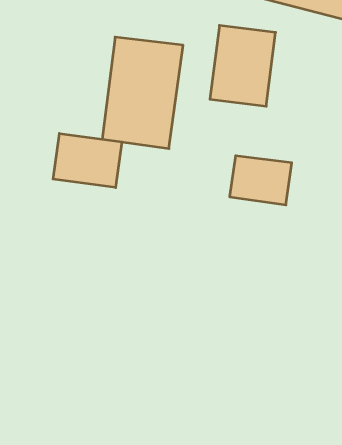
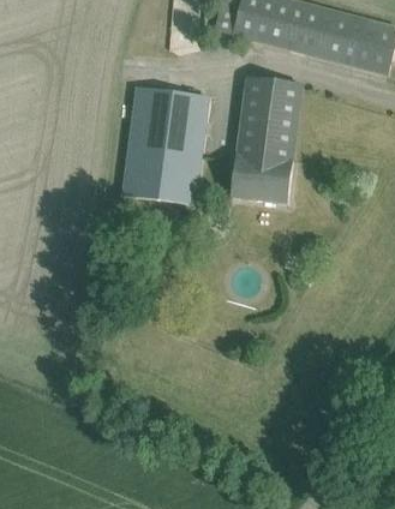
building: [53,133,122,188] -> none
building: [230,156,292,205] -> [229,152,293,203]

